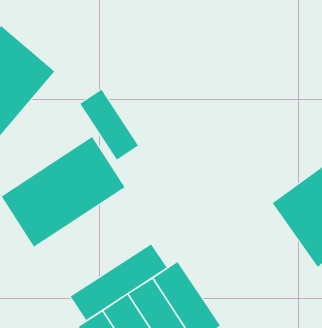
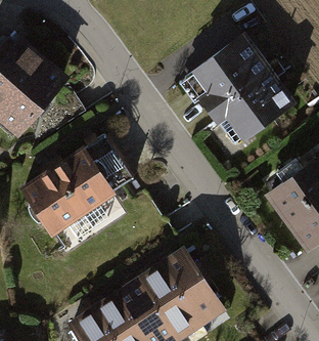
building: none -> [194,34,298,141]
building: [80,89,139,160] -> none
building: [70,243,168,321] -> none

